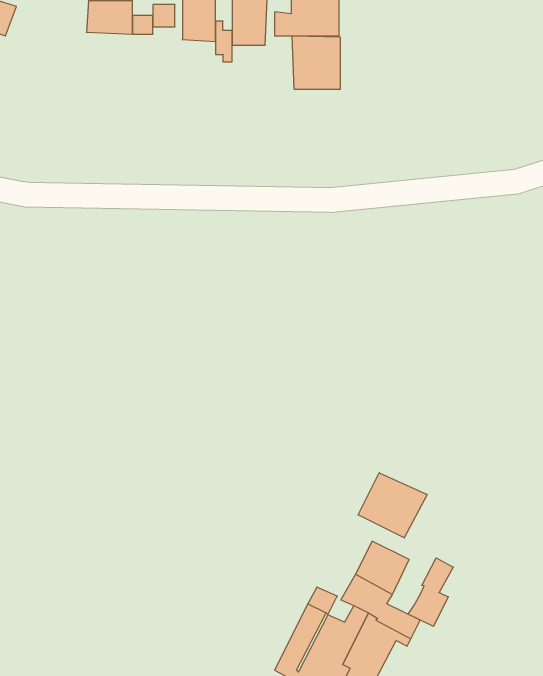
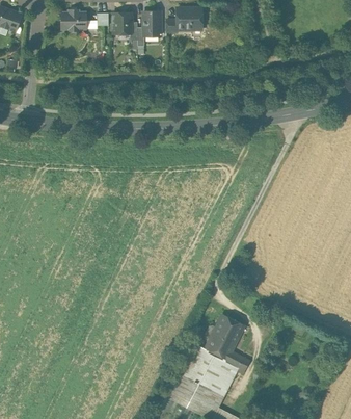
building: [292,36,340,89] -> none
building: [358,473,427,538] -> none
building: [408,558,453,626] -> none

